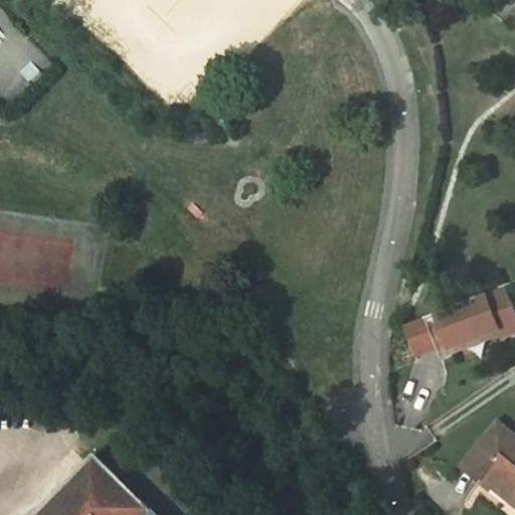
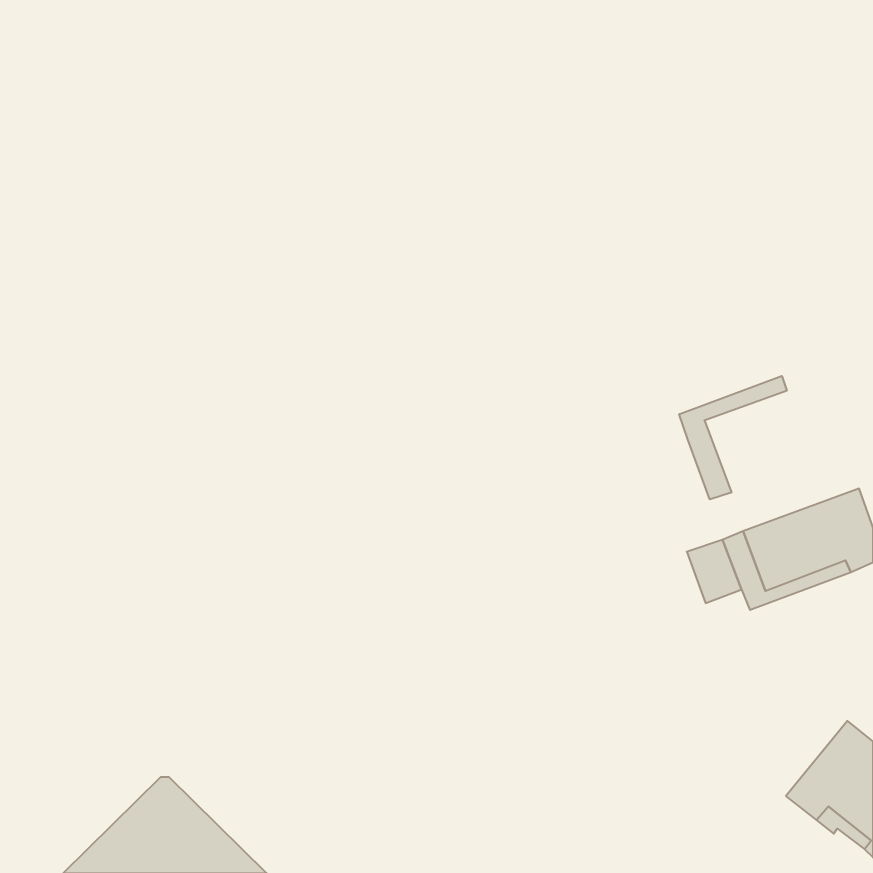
building: none -> [679,376,787,499]

